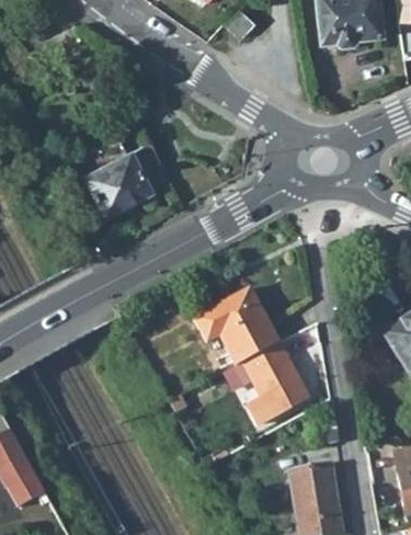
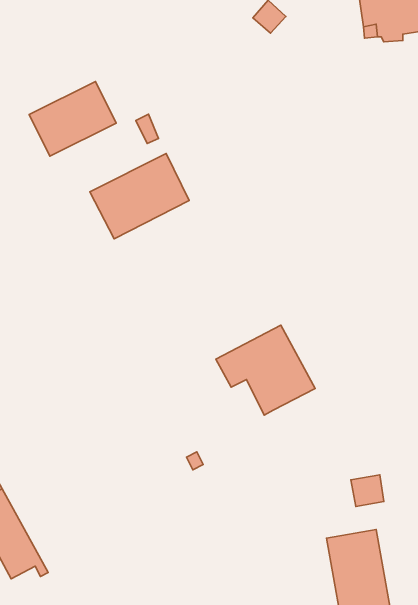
building: none -> [29,82,116,156]
building: [243,344,309,425] -> none

